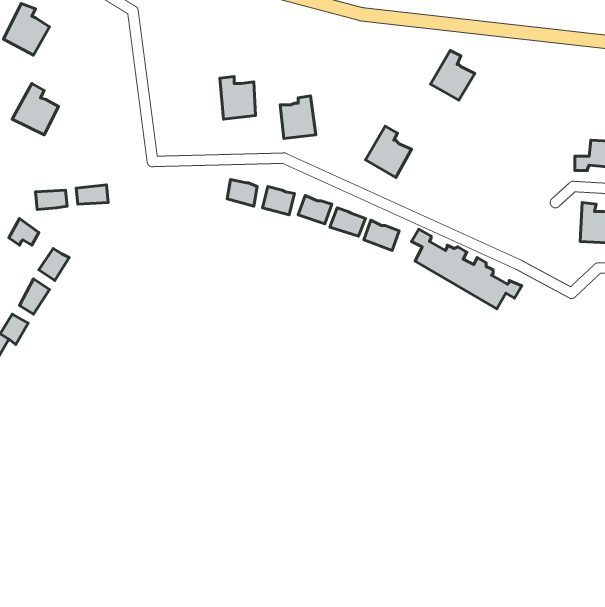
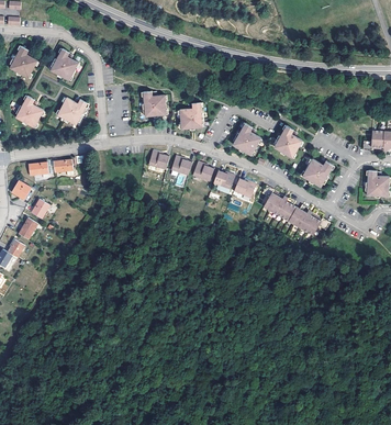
building: none -> [49,48,78,80]
building: [431,50,475,100] -> [275,125,302,156]
building: none -> [57,97,87,125]
building: none -> [303,158,334,186]

